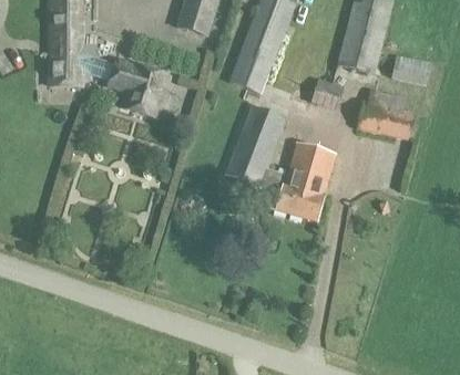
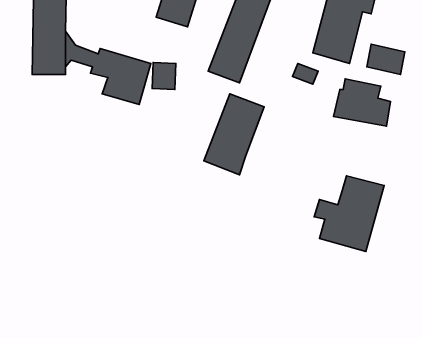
building: [264,143,336,220] -> [314,176,384,251]

